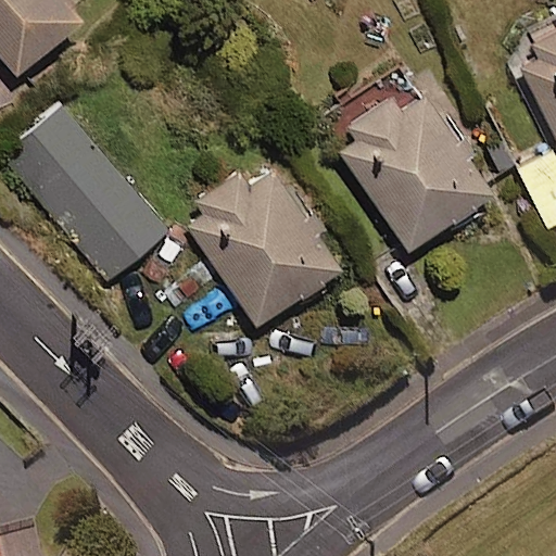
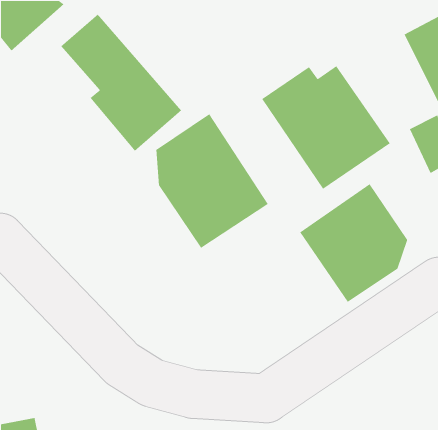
building: [14,110,168,285] -> [60,14,182,152]
building: none -> [299,183,408,303]

